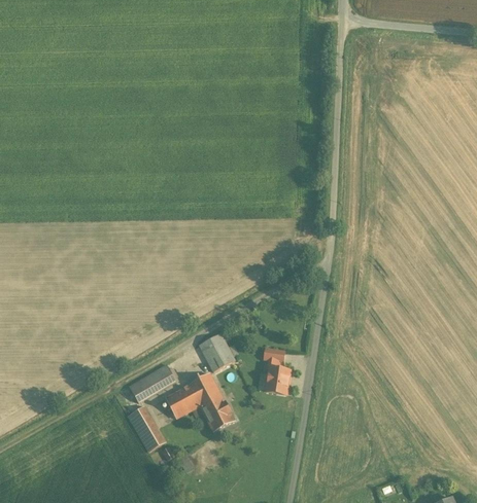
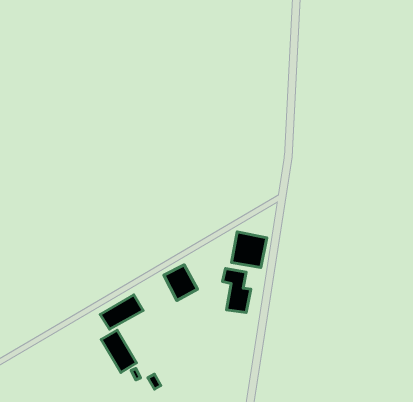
building: none -> [232,232,267,268]
building: [164,374,233,433] -> none

